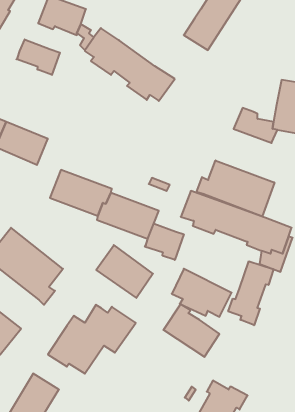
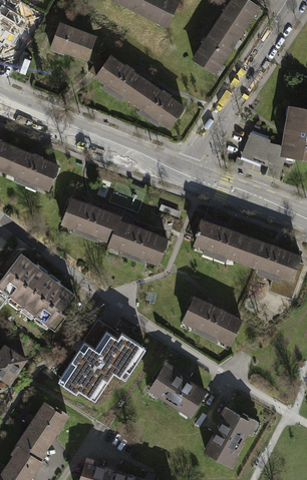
building: [16,39,60,75] -> none
building: [196,160,274,217] -> none
building: [145,224,184,260] -> none
building: [96,245,153,298] -> none
building: [228,261,273,325] -> none
building: [163,304,219,357] -> [148,363,205,416]

